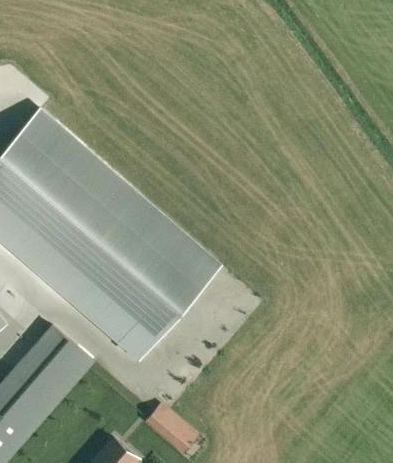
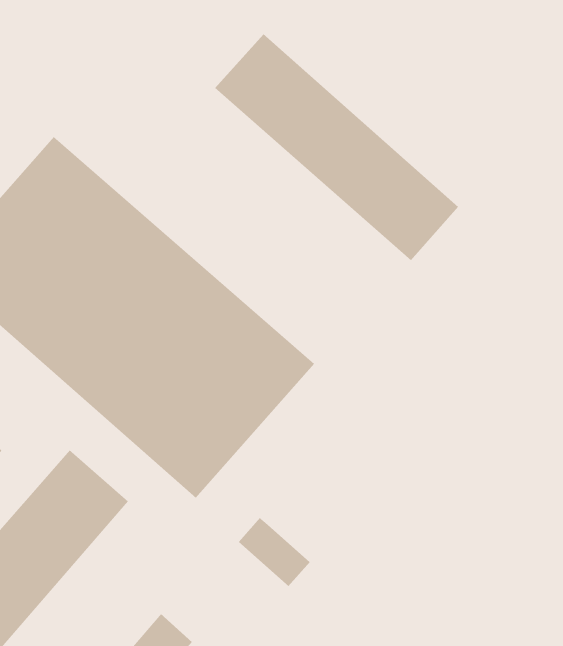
building: none -> [214,34,459,261]
building: [146,406,196,454] -> [238,517,310,587]

